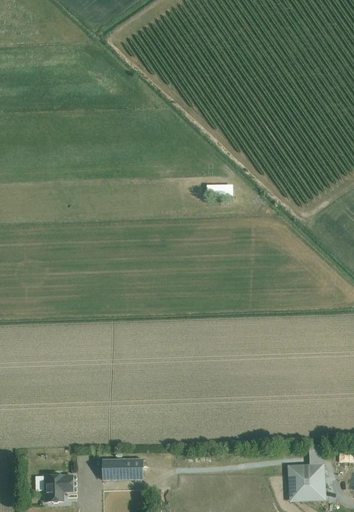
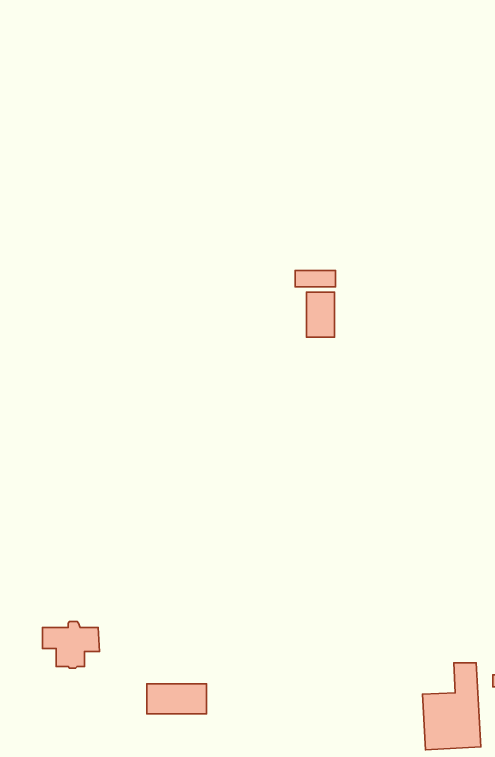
building: none -> [307,292,335,337]
building: [36,471,74,502] -> [43,622,100,668]

